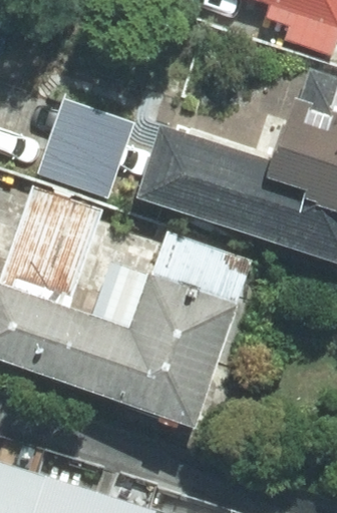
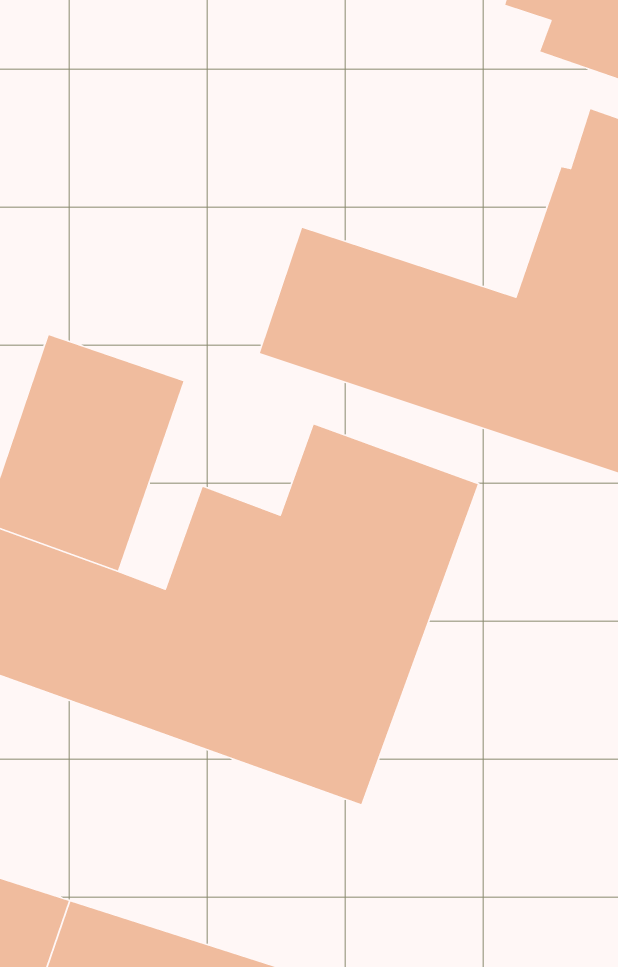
building: [38,99,132,195] -> none

